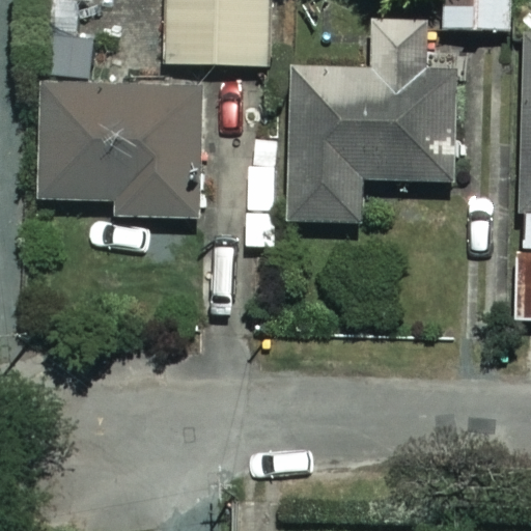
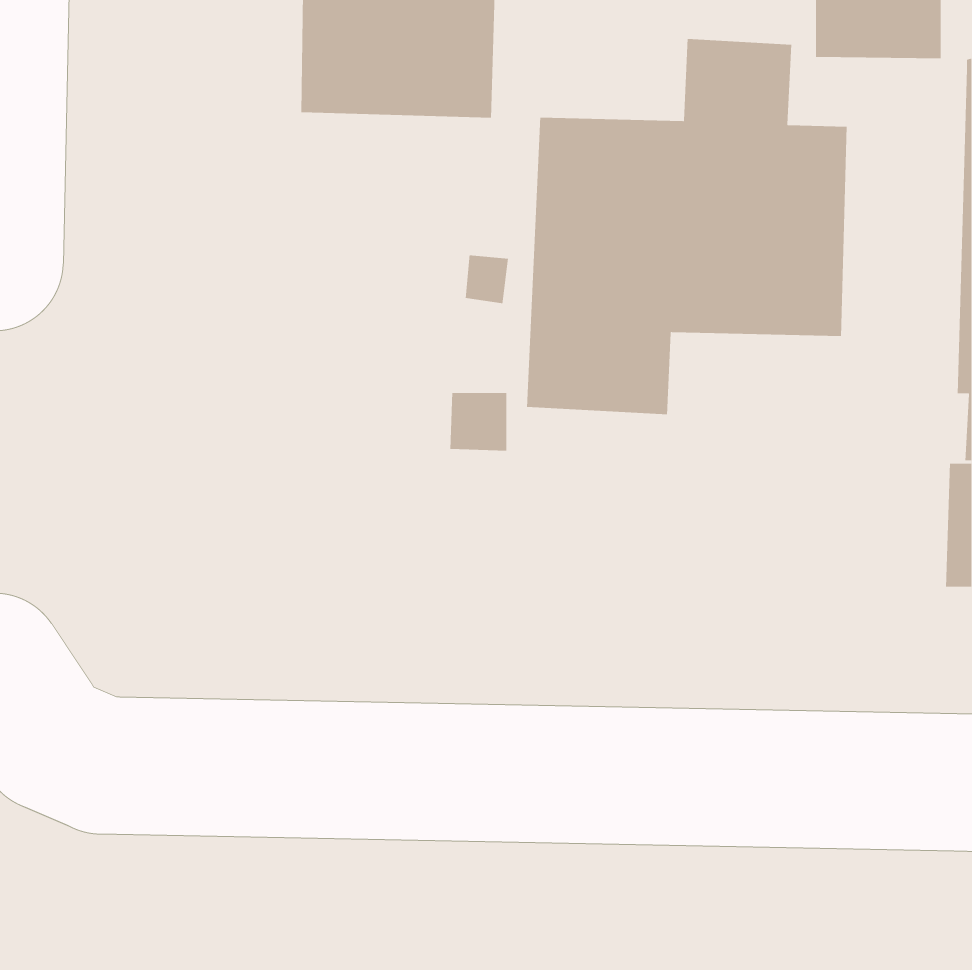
building: [36,79,203,218] -> none

